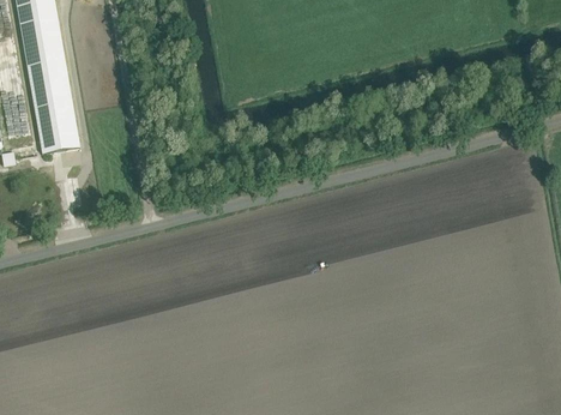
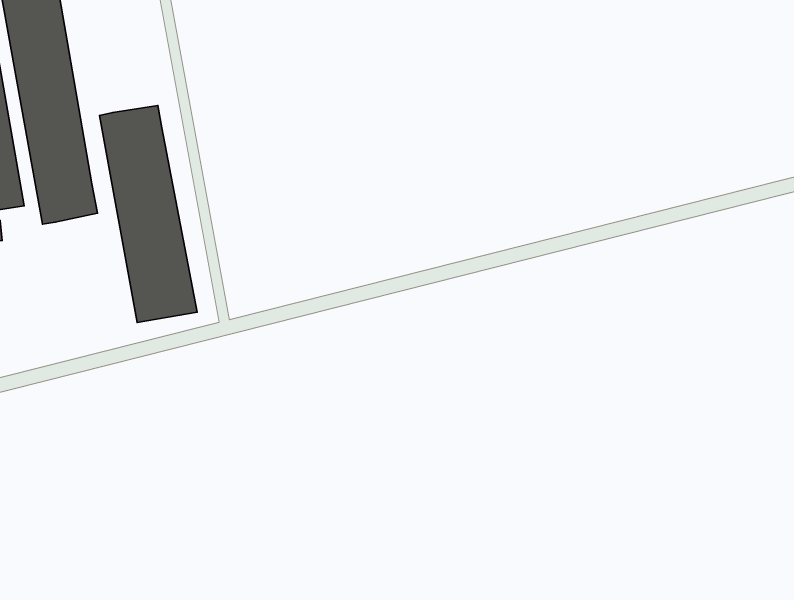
building: none -> [99,106,197,323]

